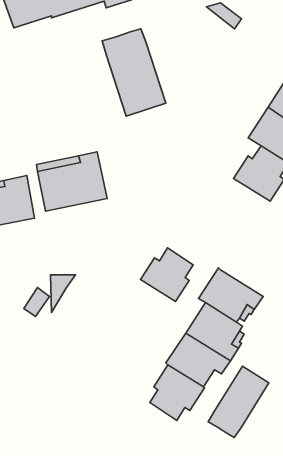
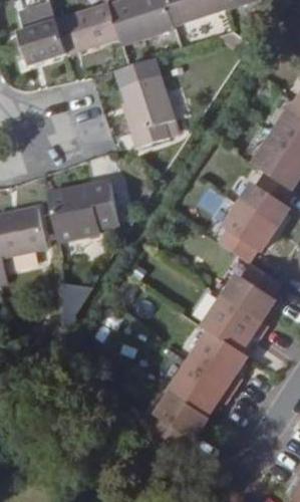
building: none -> [227,209,282,266]
building: [141,248,193,301] -> [232,269,285,323]
building: [208,366,269,437] -> none

